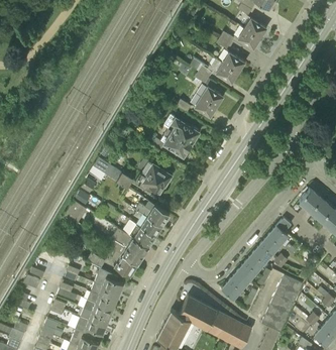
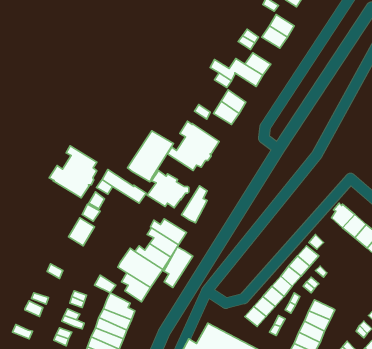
building: none -> [128,131,174,182]
building: none -> [49,146,97,198]
building: none -> [182,186,207,223]
building: none -> [164,247,193,287]

